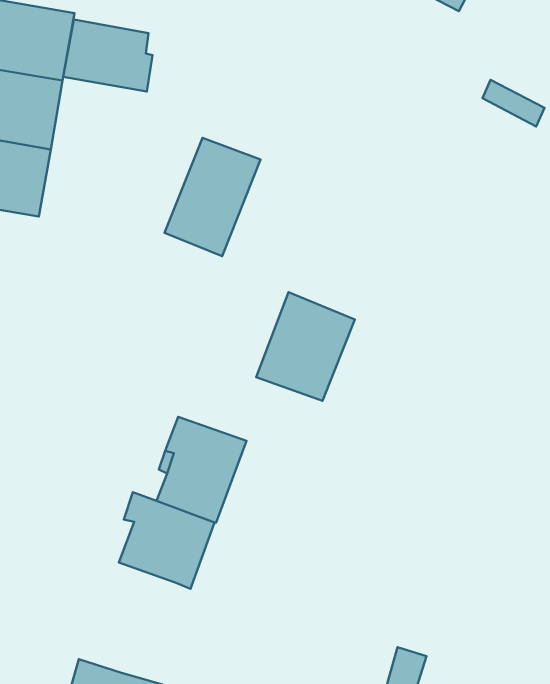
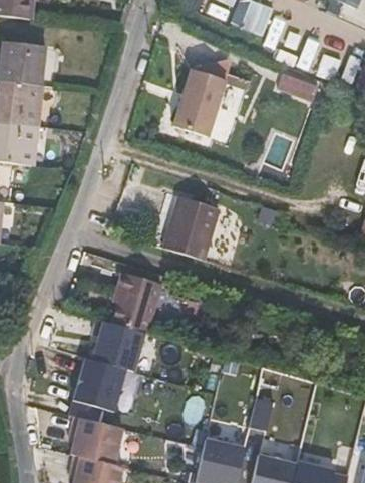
building: [63,19,153,91] -> none
building: [164,138,260,256] -> [186,75,238,142]
building: none -> [70,358,126,423]

